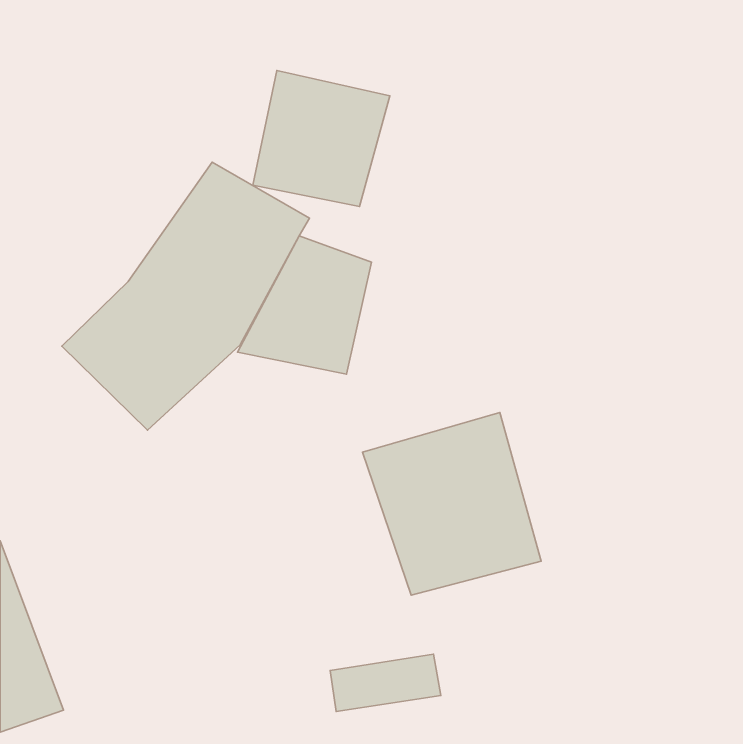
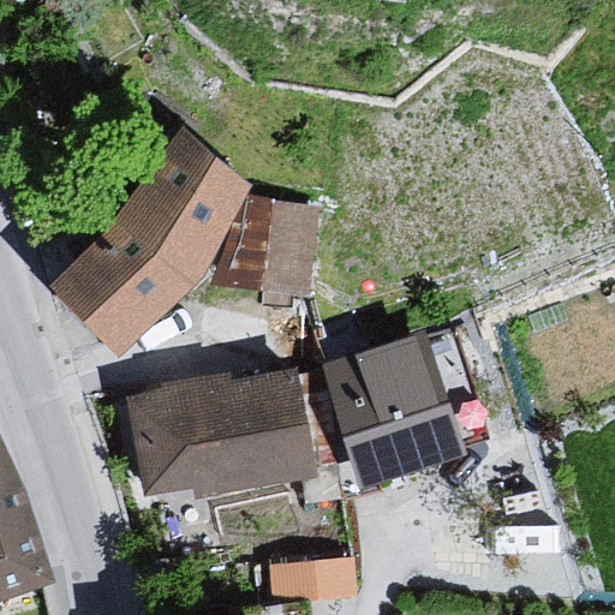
building: [253,71,390,206] -> none
building: none -> [120,372,314,497]

